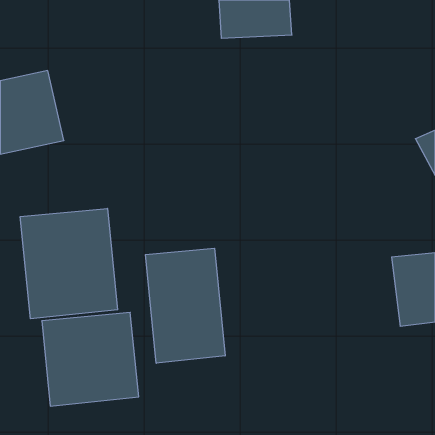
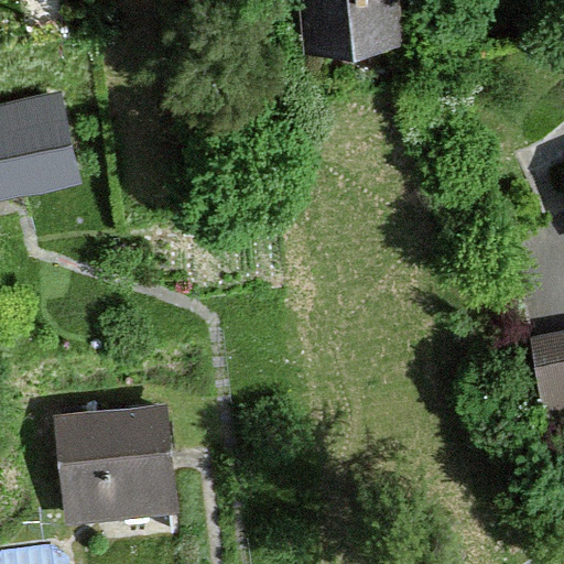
building: [20,208,118,319] -> none
building: [145,248,225,363] -> none

